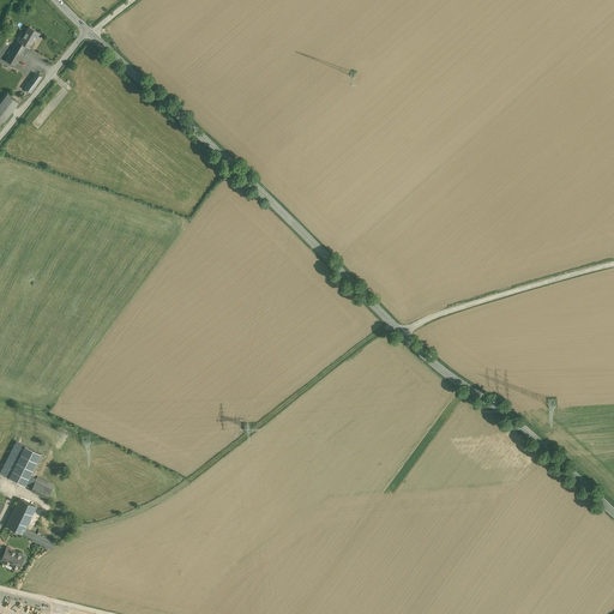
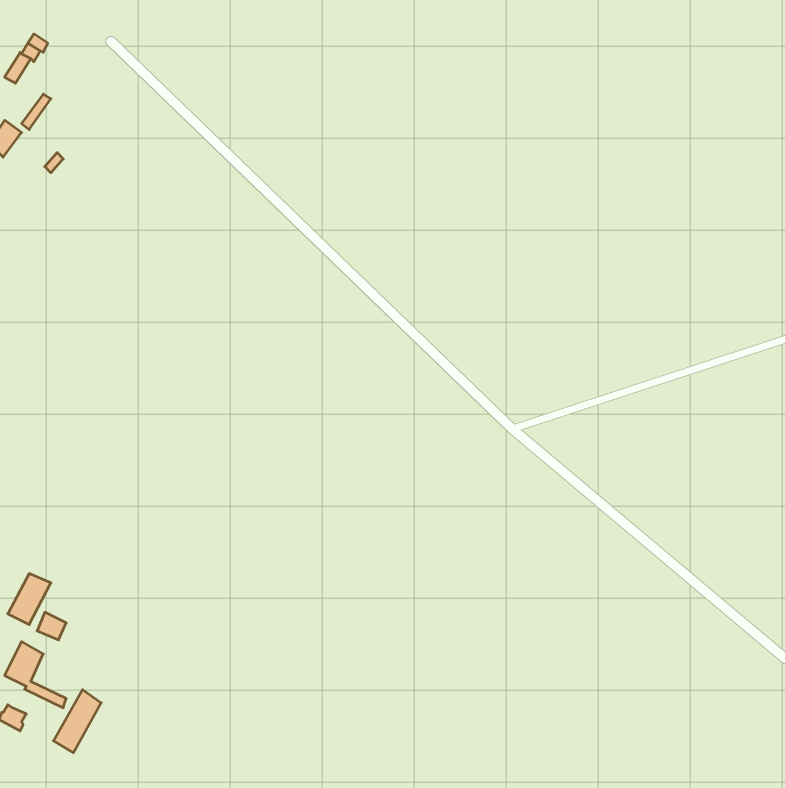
building: none -> [53,690,101,753]

